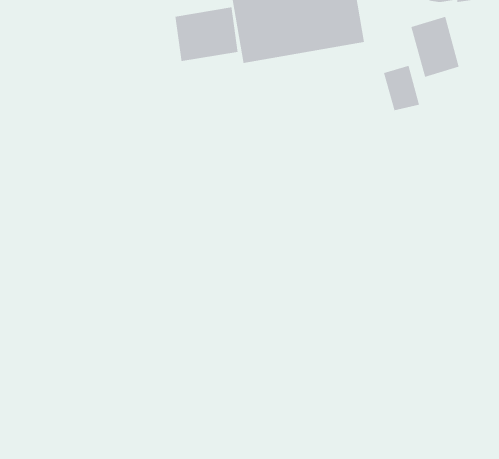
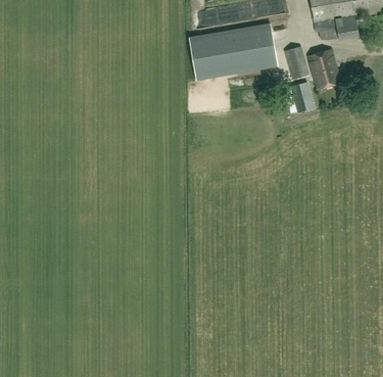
building: [175,7,238,62] -> none
building: none -> [284,45,308,79]

